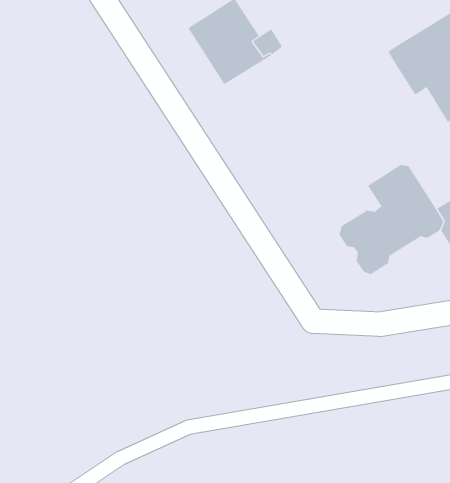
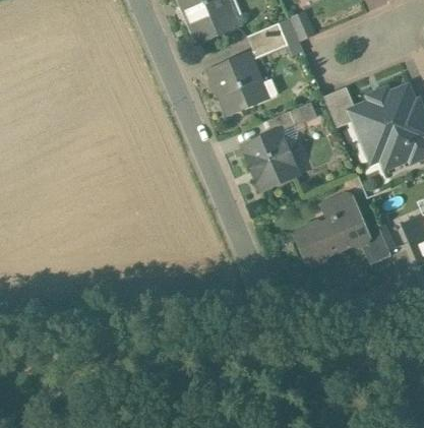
building: none -> [324,86,355,127]
building: none -> [243,111,299,190]

